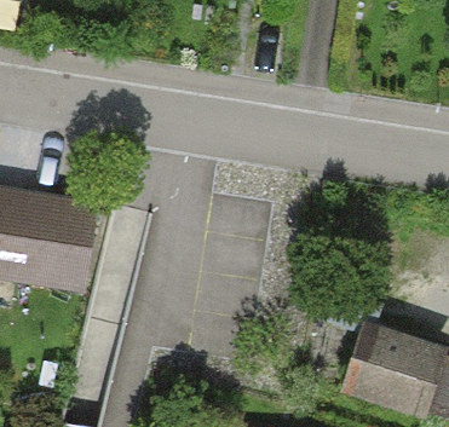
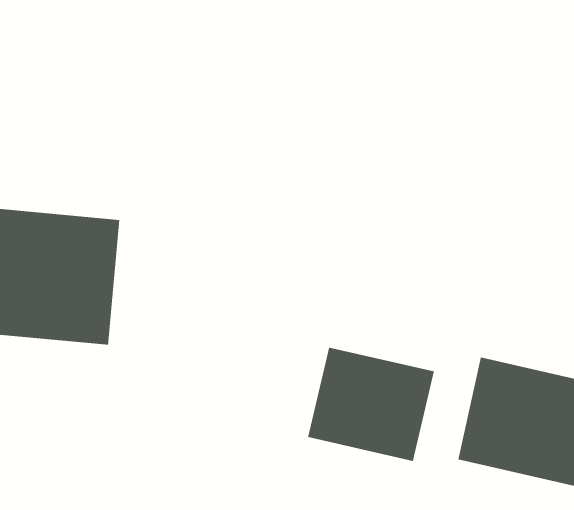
building: none -> [307,347,435,462]

